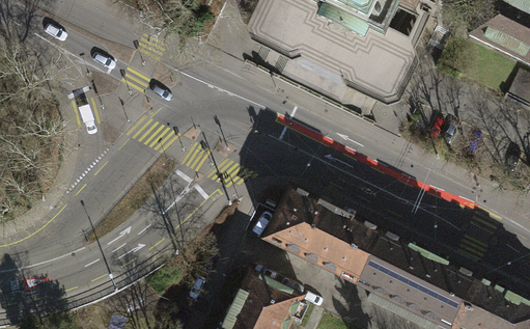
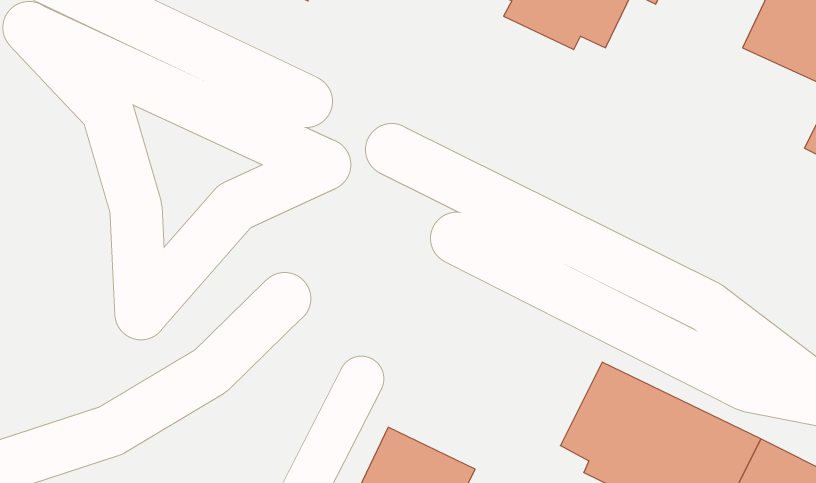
building: [267,186,382,280] -> none

